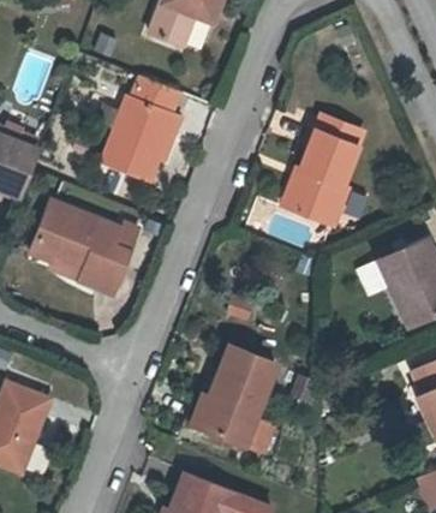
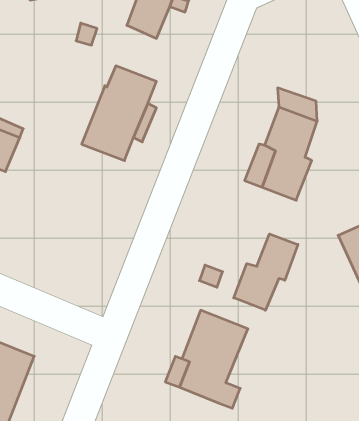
building: [25,199,130,286] -> none
building: none -> [234,234,298,310]

